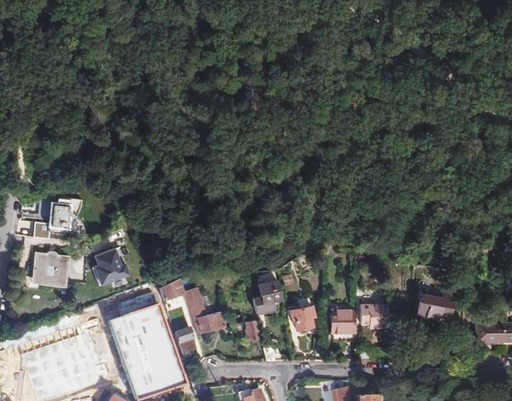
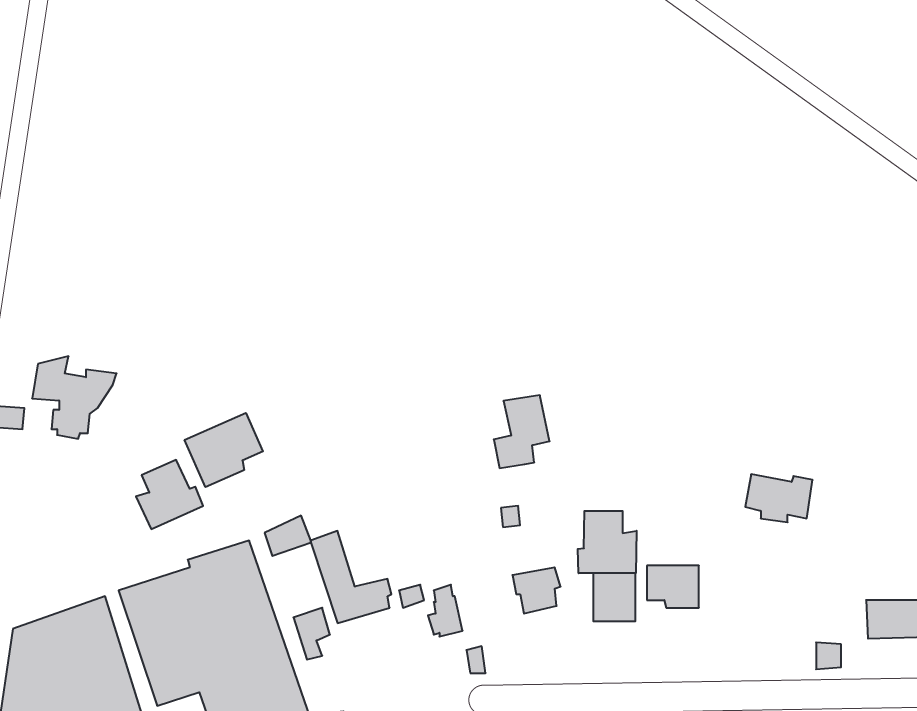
building: none -> [185,413,263,487]
building: [32,253,67,287] -> none
building: [254,275,283,313] -> [494,395,550,468]
building: none -> [578,511,637,573]
building: [413,294,448,319] -> [745,474,813,522]

